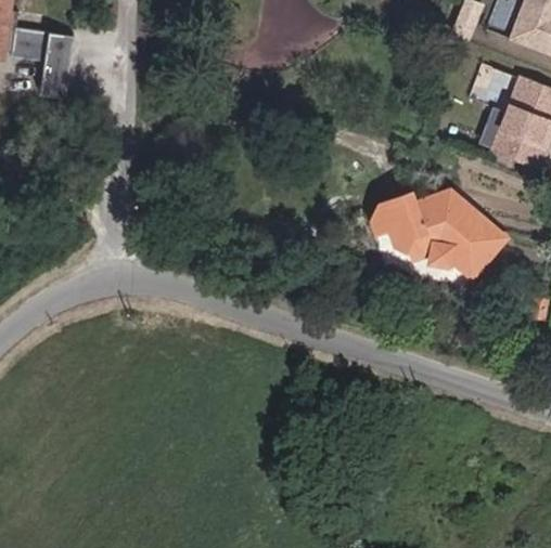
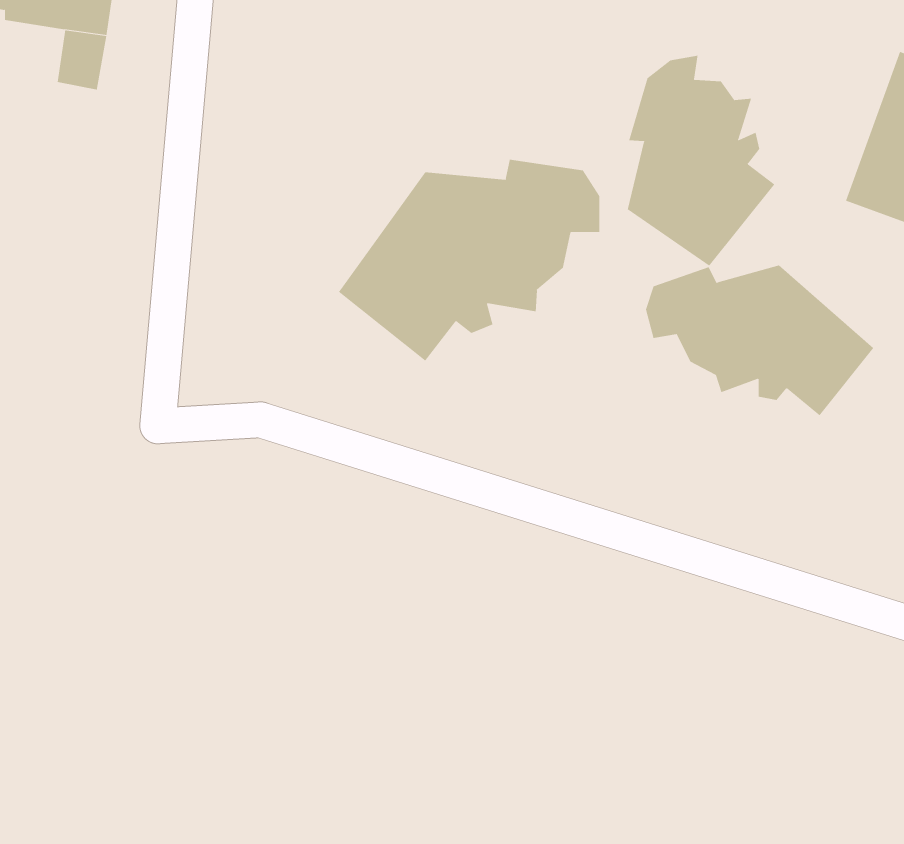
building: none -> [627,55,775,267]
building: none -> [338,159,600,362]

